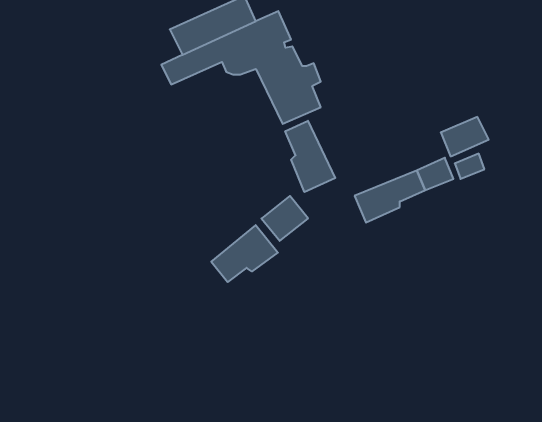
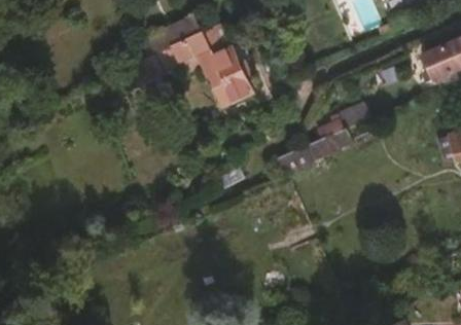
building: [285,121,335,192] -> none
building: [211,225,278,282] -> none

